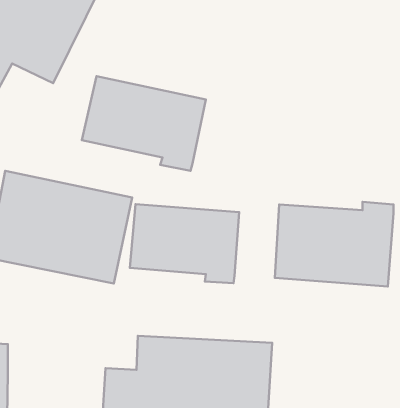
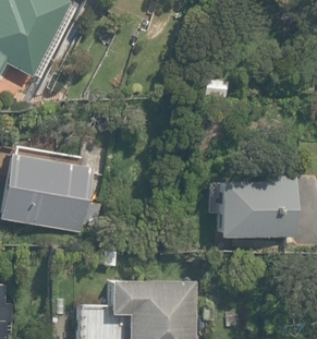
building: [82,76,206,171] -> none
building: [130,204,239,283] -> none

